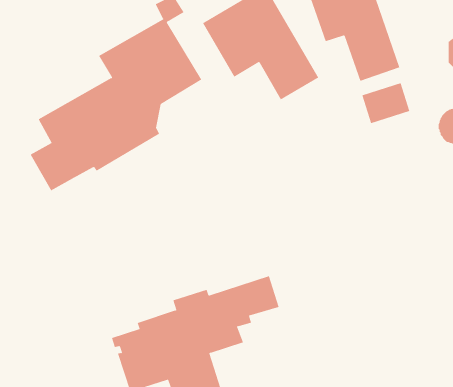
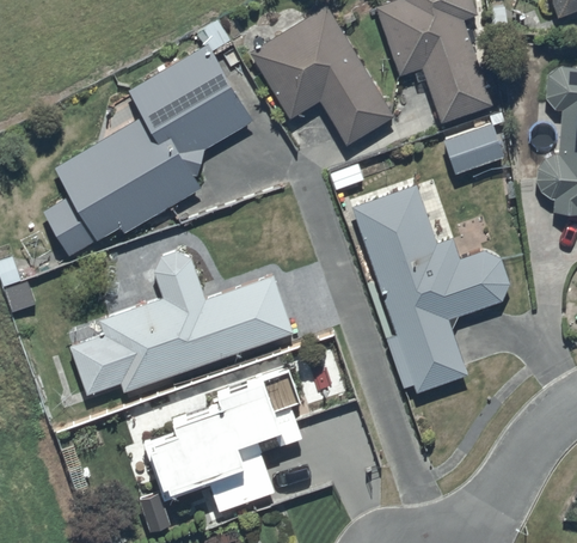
building: none -> [352,187,510,393]
building: none -> [70,251,293,396]

